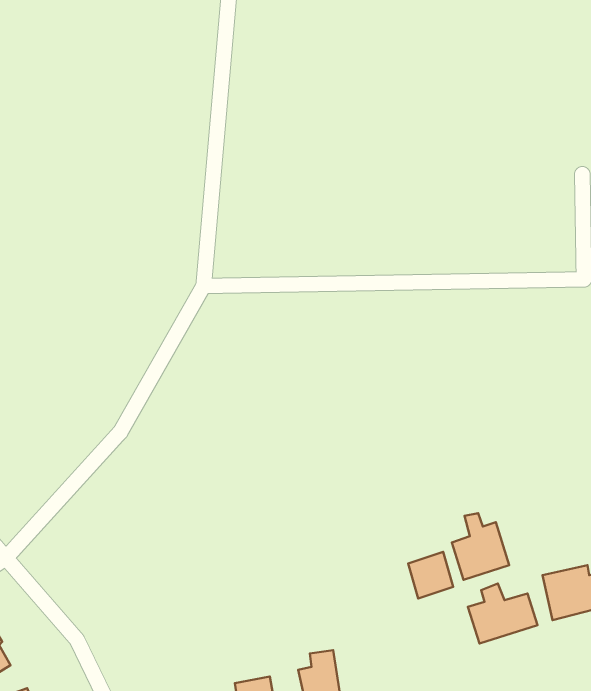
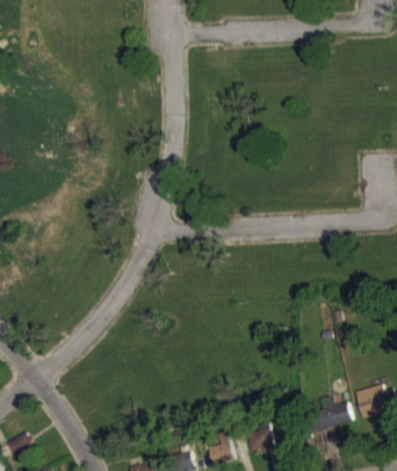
building: [452,513,509,580] -> none
building: [408,552,453,599] -> [246,427,273,455]

